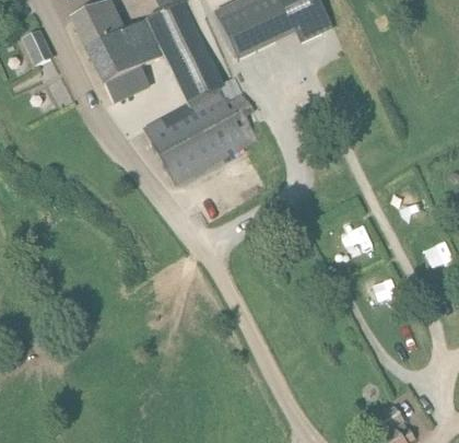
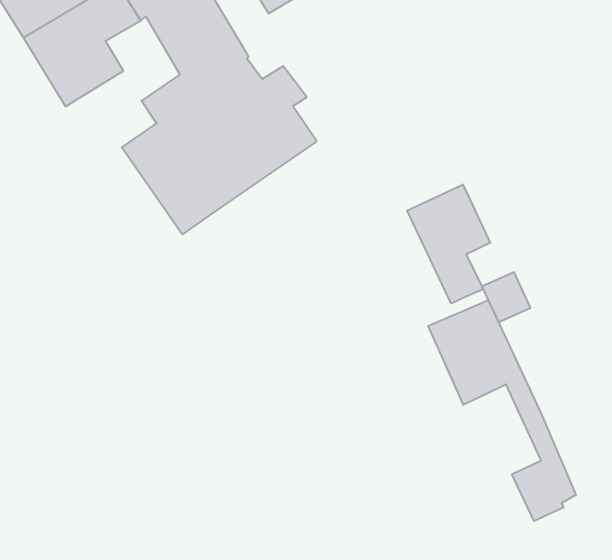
building: none -> [407,184,490,303]
building: none -> [428,300,576,521]

